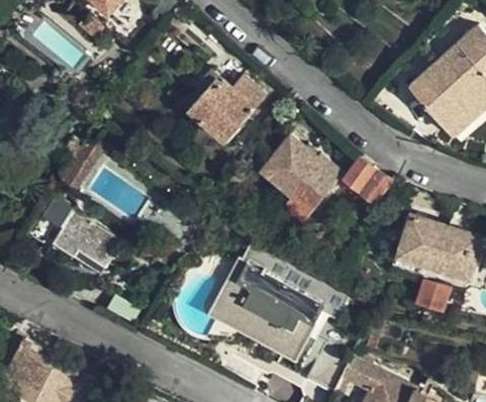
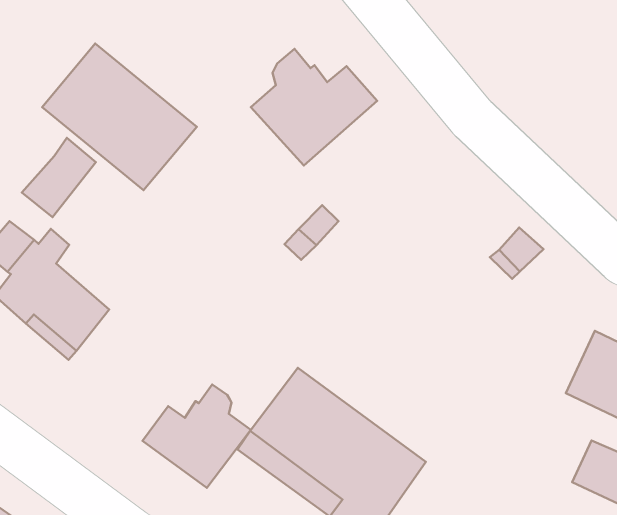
building: none -> [42,44,197,190]
building: [260,137,341,217] -> none
building: none -> [143,384,251,488]

